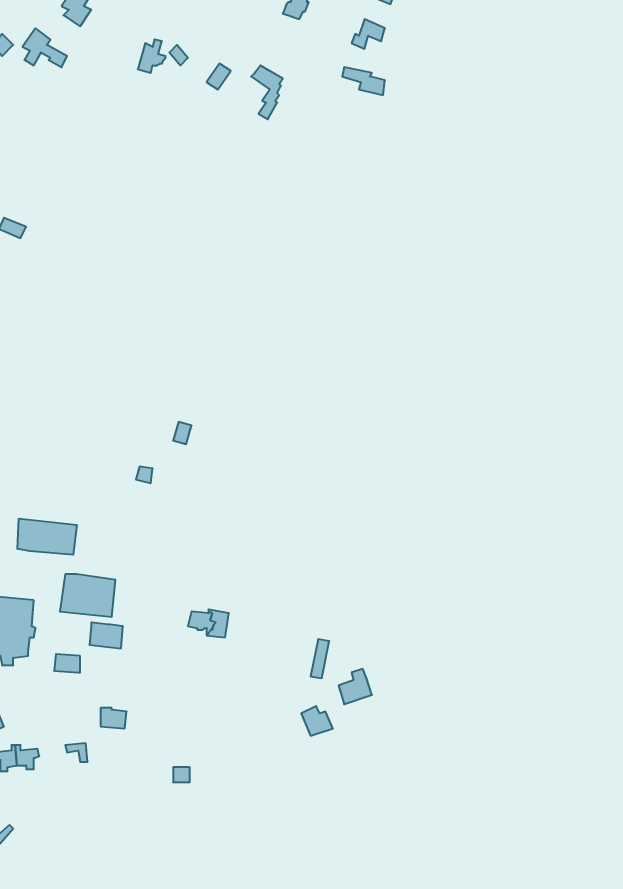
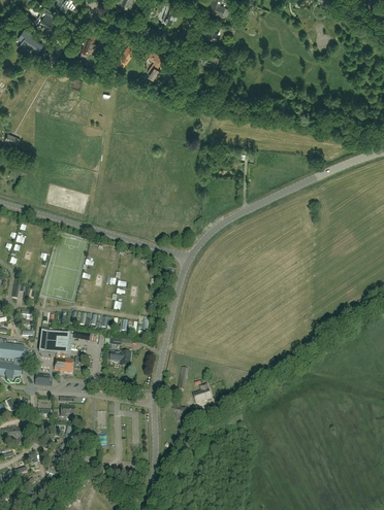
building: [17,519,77,555] -> none

